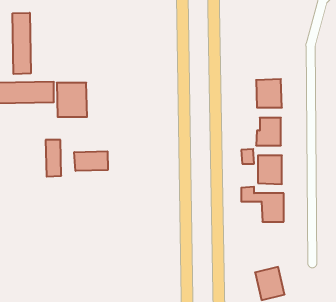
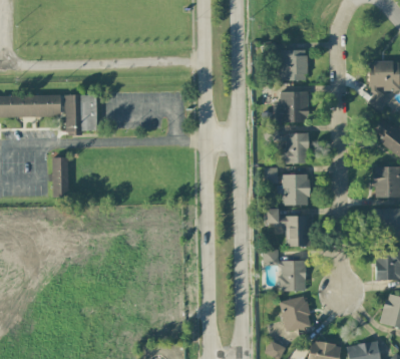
building: [13,13,31,74] -> none
building: none -> [280,50,307,81]
building: [74,151,108,171] -> none
building: none -> [264,250,306,291]

